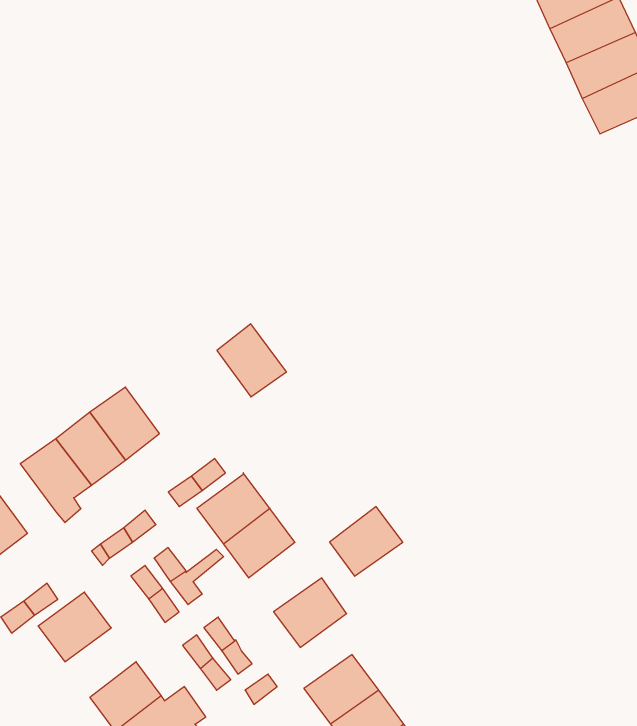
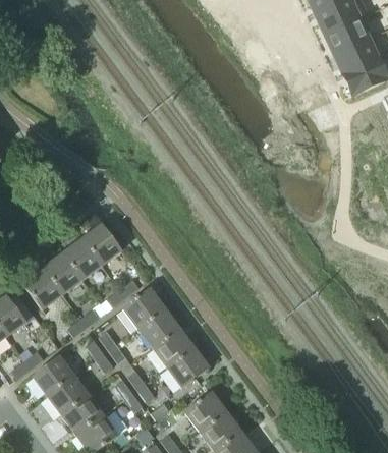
building: [217,324,286,397] -> [81,223,121,265]
building: [330,507,403,576] -> [152,327,193,366]
building: none -> [47,376,88,415]

